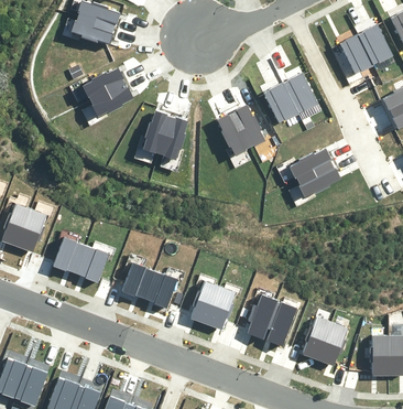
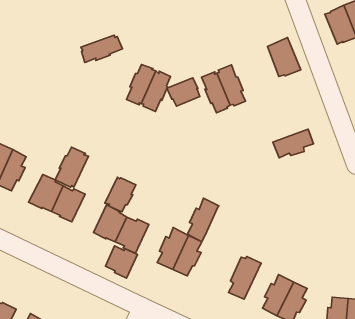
building: [83,68,124,99] -> none
building: [263,82,297,121] -> none
building: none -> [167,78,200,106]
building: [290,148,331,180] -> none
building: none -> [55,147,89,187]
building: none -> [105,177,136,212]
building: [246,292,275,337] -> [187,198,219,242]
building: none -> [106,246,137,278]

